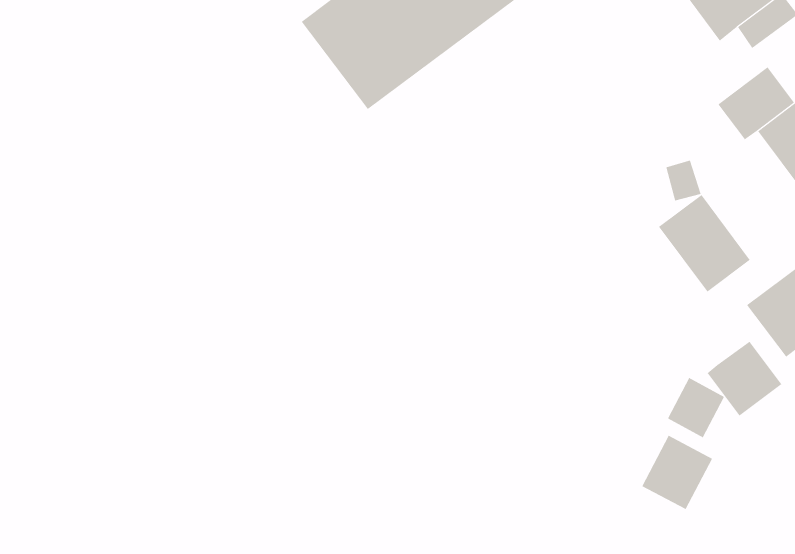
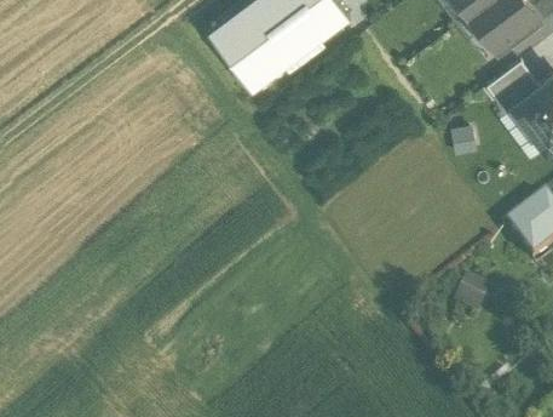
building: [658,194,751,292] -> none
building: [707,341,782,416] -> none
building: [642,435,713,510] -> none

